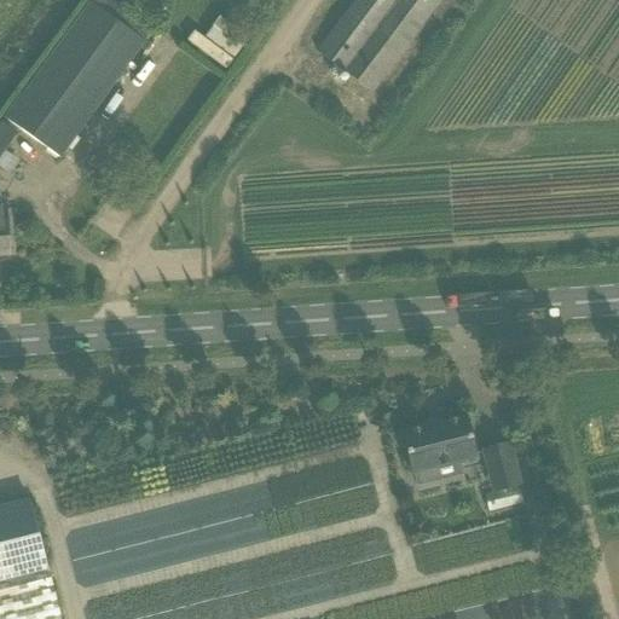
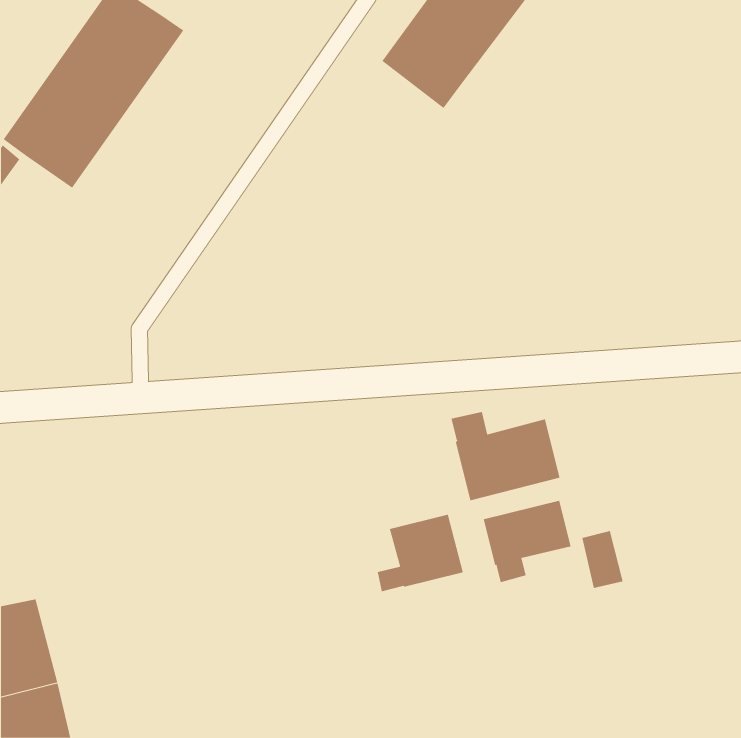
building: none -> [451,411,560,501]
building: none -> [377,514,463,592]

